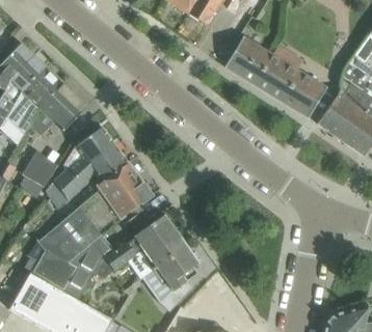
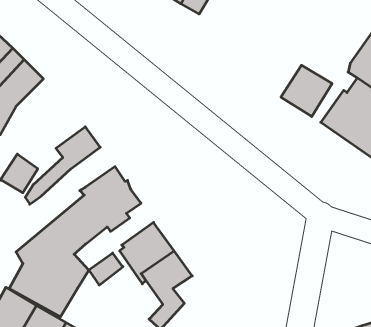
building: [225,37,302,101] -> none
building: [30,84,87,137] -> none
building: [51,146,129,209] -> none

